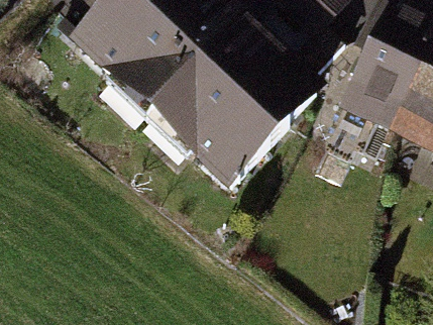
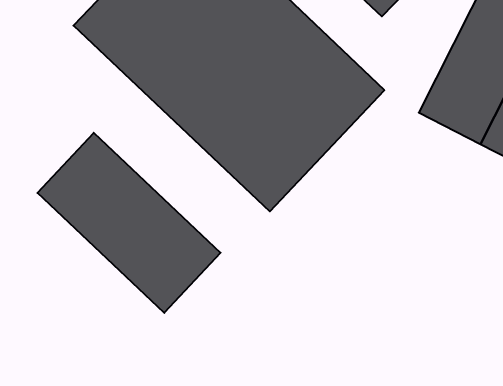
building: none -> [37,133,221,313]

